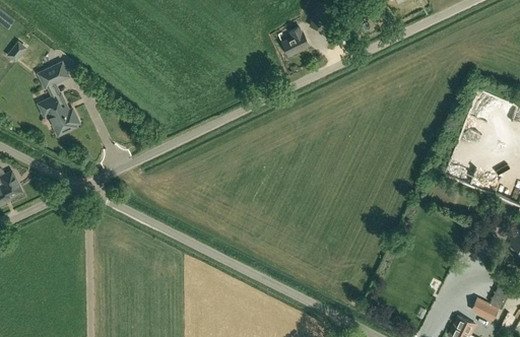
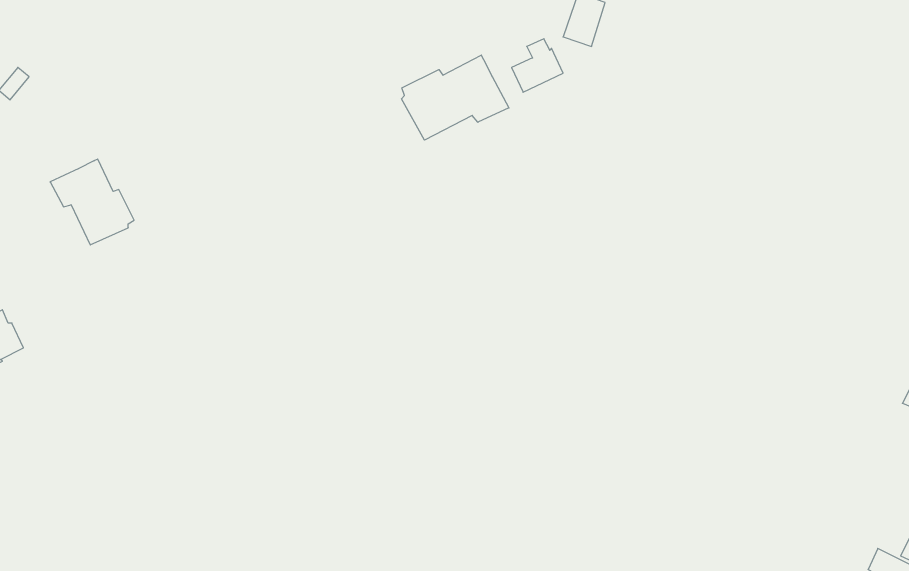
building: none -> [402,55,509,140]
building: [40,63,68,86] -> none

